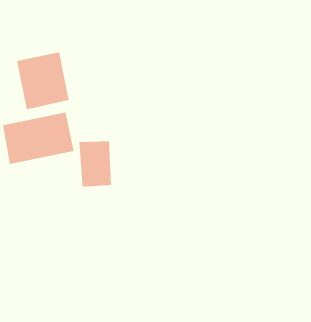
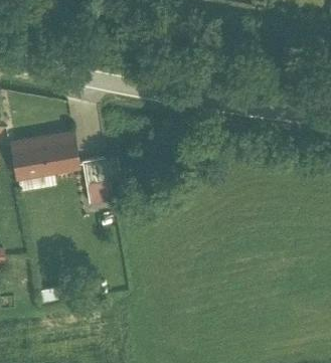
building: [16,52,69,110] -> none

